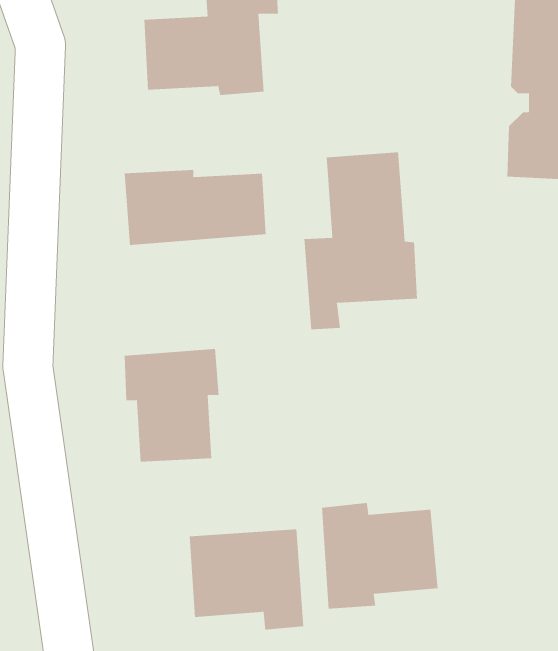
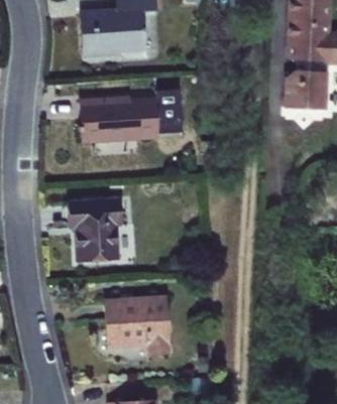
building: [304,152,417,330] -> none
building: [322,502,438,609] -> none

